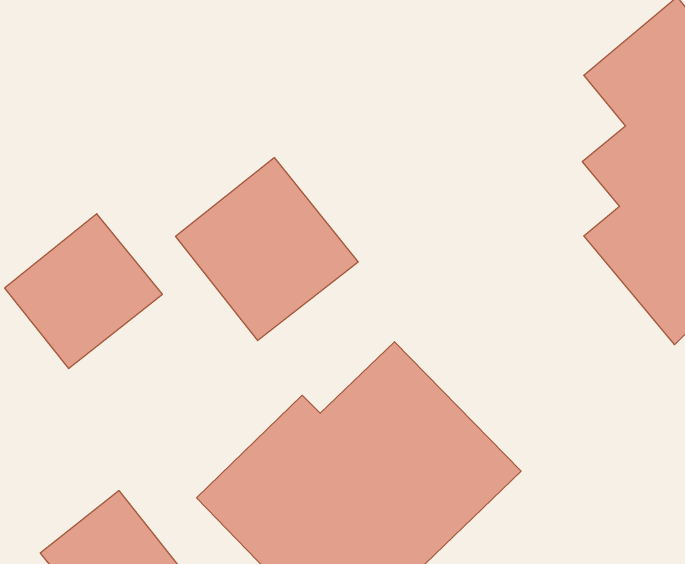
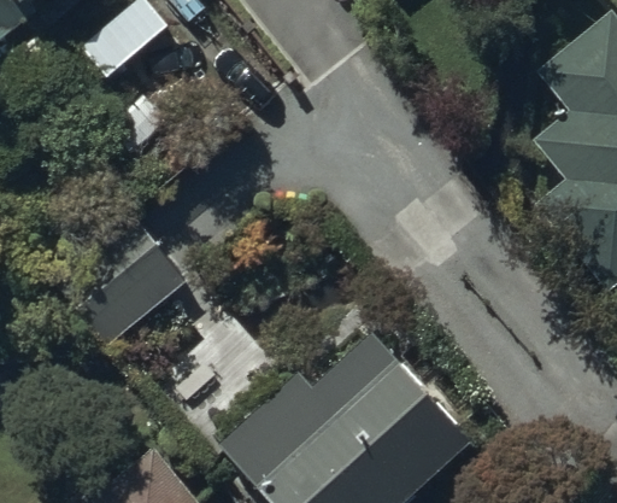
building: [176,158,358,341] -> none

